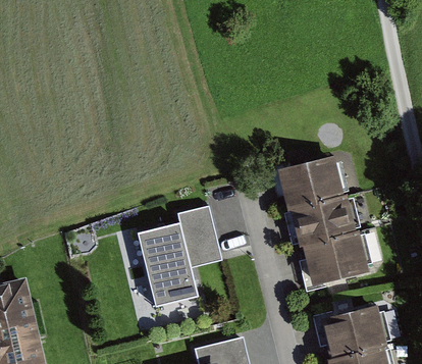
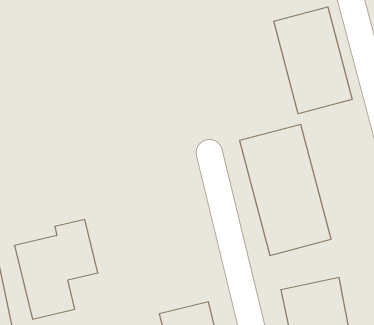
building: none -> [274,7,352,114]
building: [138,206,222,307] -> [14,219,98,319]

